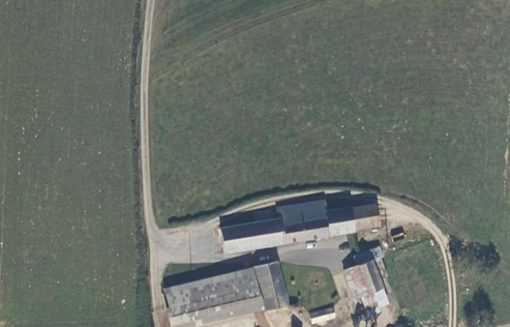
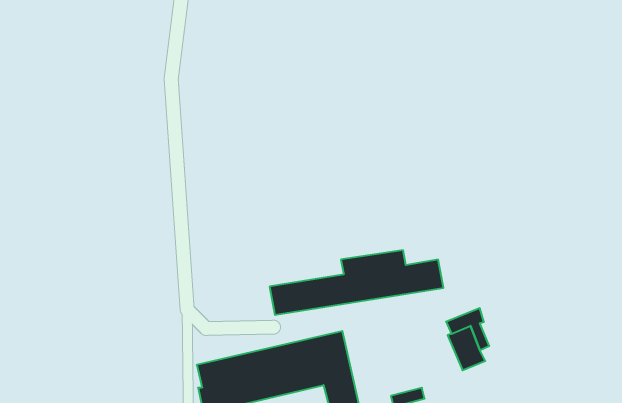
building: [348,204,376,229] -> none
building: [344,265,388,313] -> none

